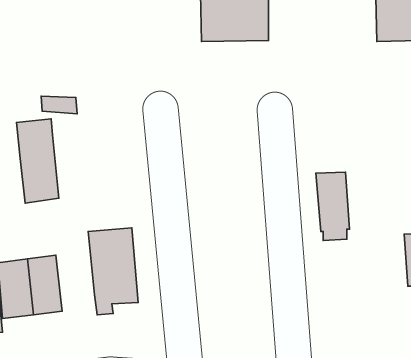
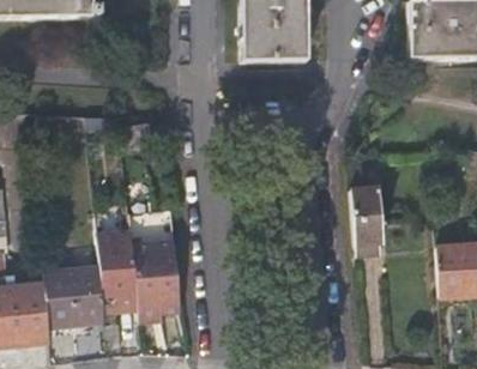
building: [17,119,59,203] -> [97,228,138,309]

